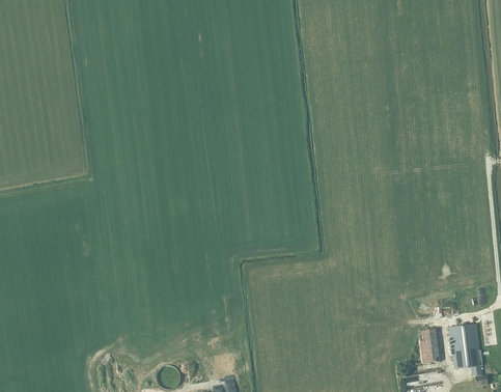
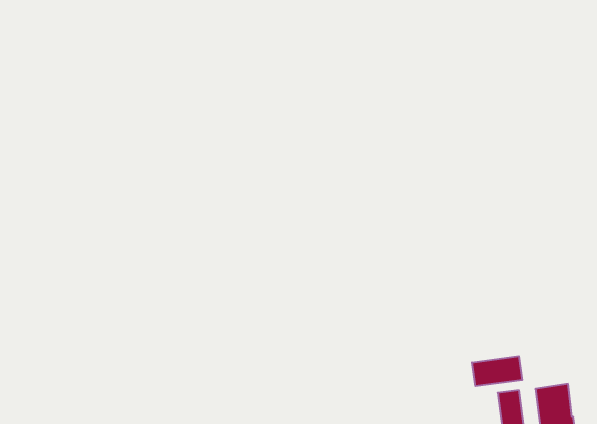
building: none -> [472,356,522,386]

